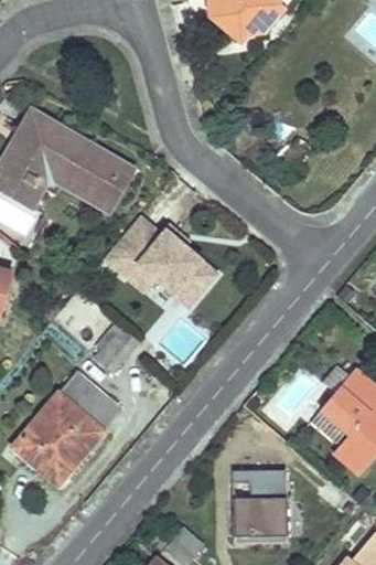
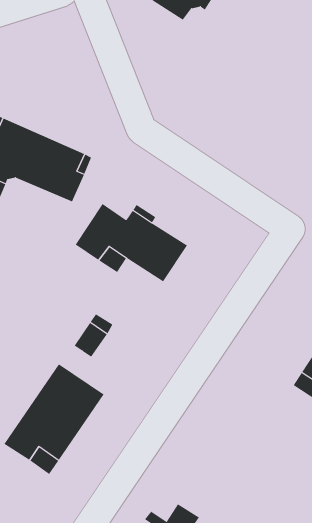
building: [233,469,287,543] -> none

